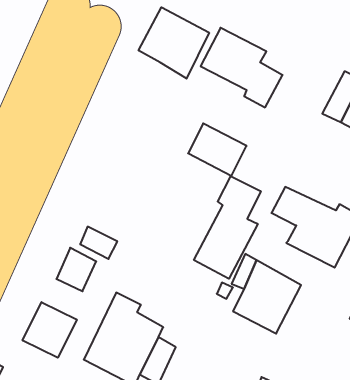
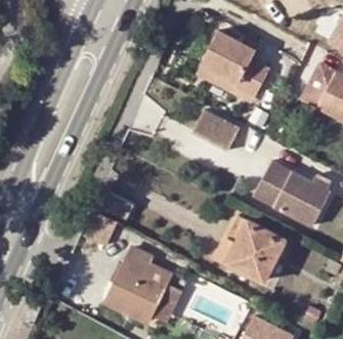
building: [139,7,209,79] -> none
building: [194,176,261,279] -> none
building: [23,302,77,358] -> none

